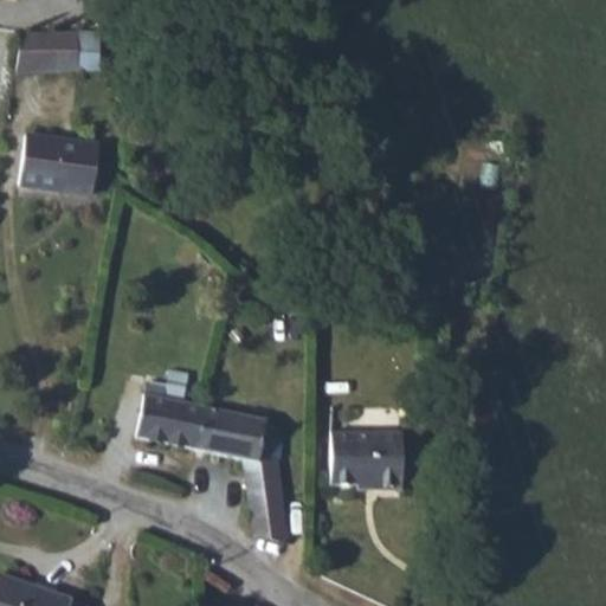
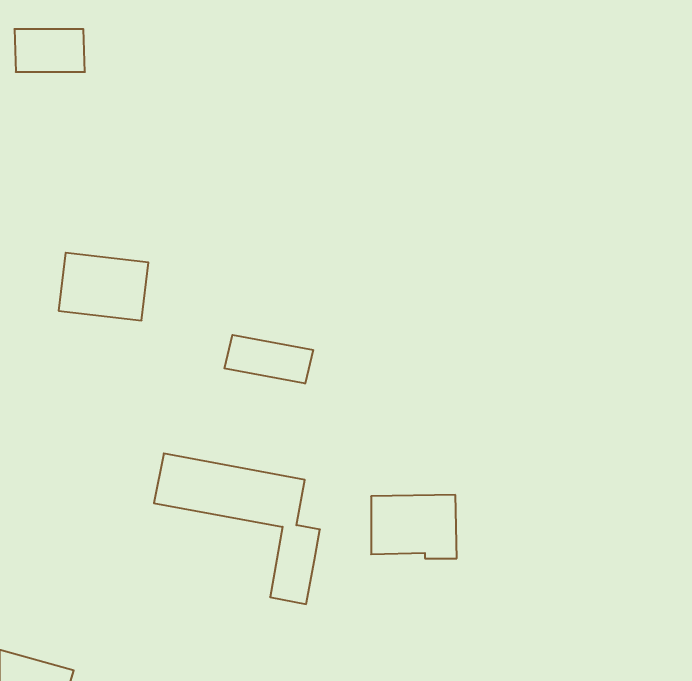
building: [25,134,102,192] -> [59,253,148,320]
building: none -> [224,335,313,384]

